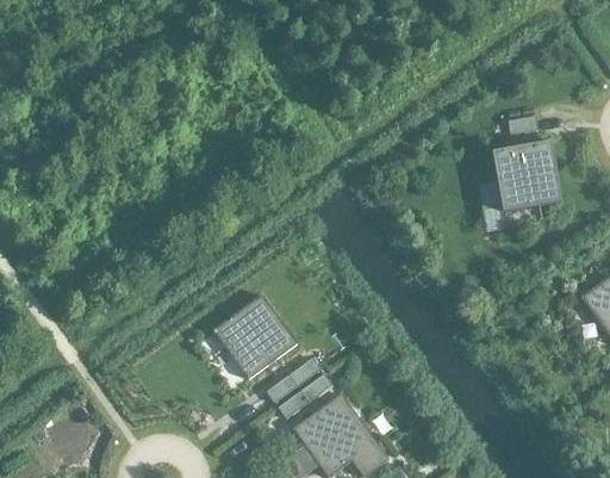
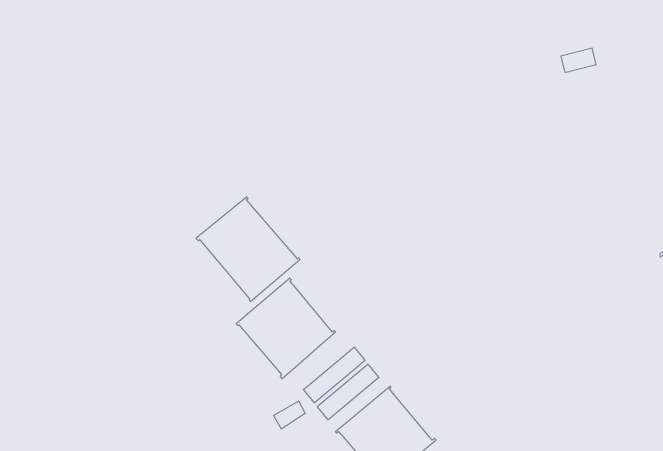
building: [490,141,560,212] -> none
building: none -> [196,197,300,302]

